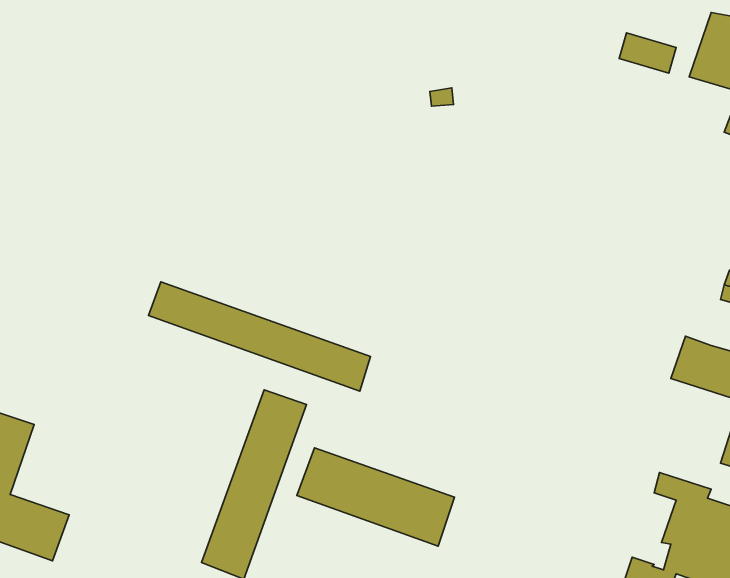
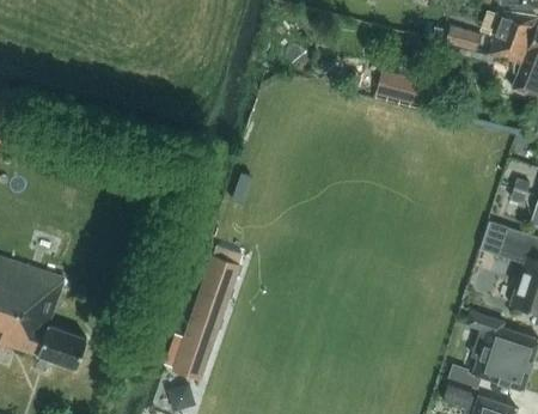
building: none -> [373,68,428,106]
building: [148,282,370,391] -> none
building: [297,448,454,546] -> none

